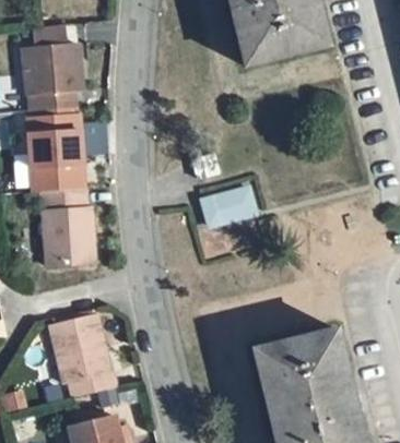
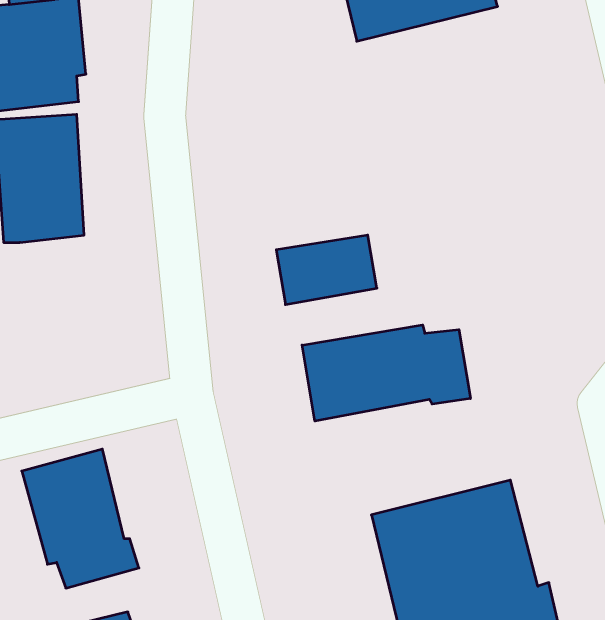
building: [45,184,99,264] -> none
building: none -> [302,325,470,421]

